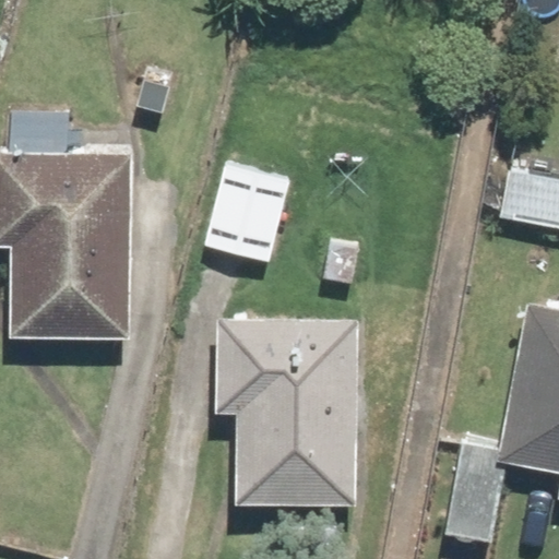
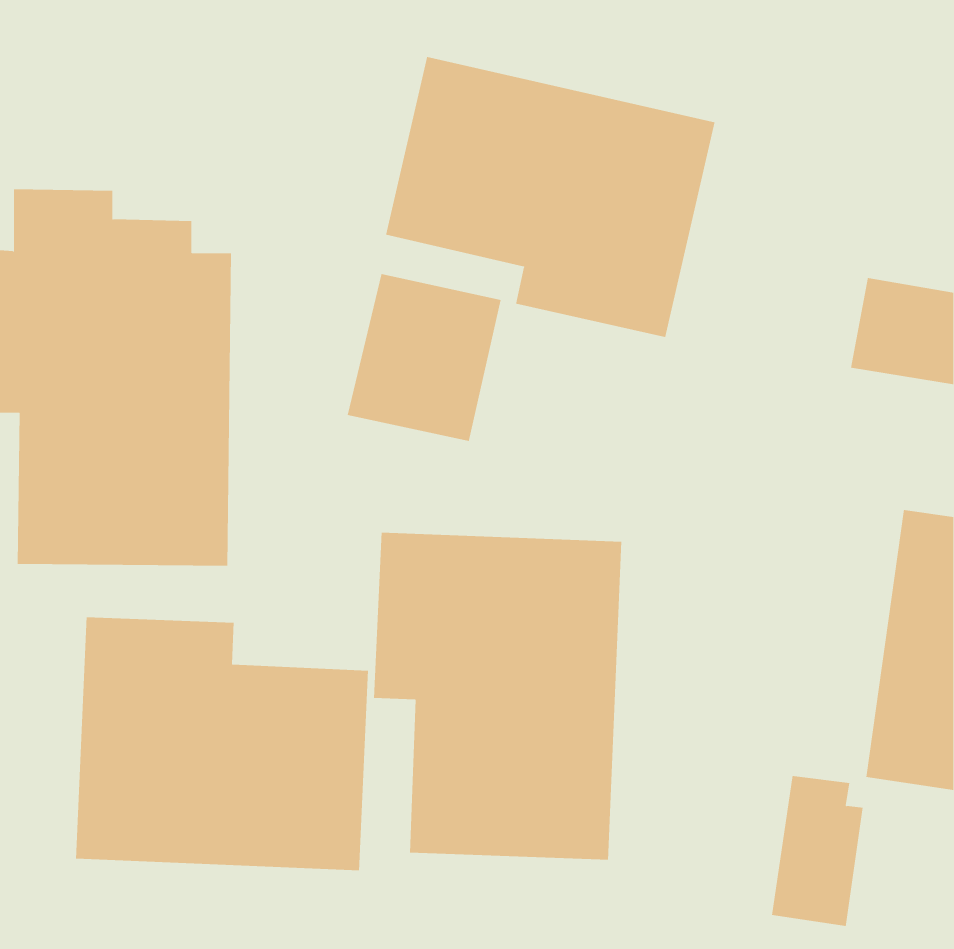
building: none -> [386,56,715,338]
building: none -> [76,617,369,871]

